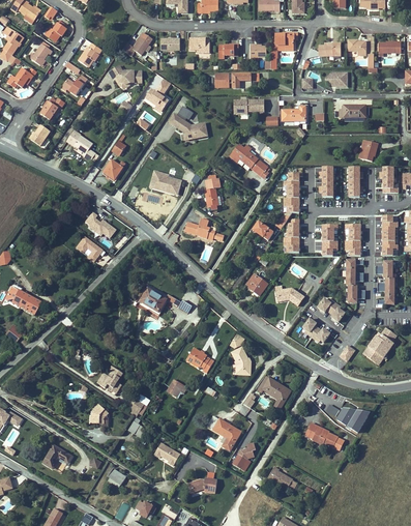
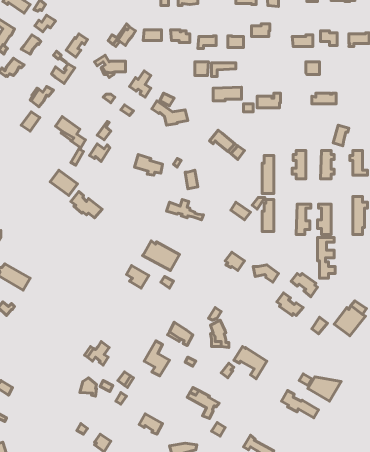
building: [74,235,102,262] -> [50,170,78,196]
building: [376,260,393,303] -> none
building: none -> [143,241,180,270]
building: [41,443,72,468] -> none

